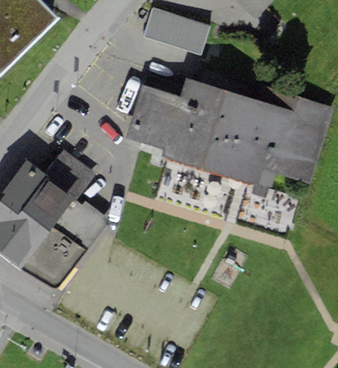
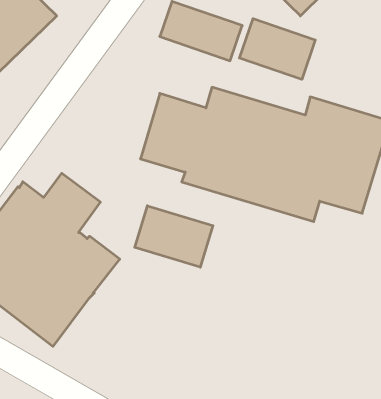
building: none -> [239,19,315,79]
building: none -> [135,206,213,267]

